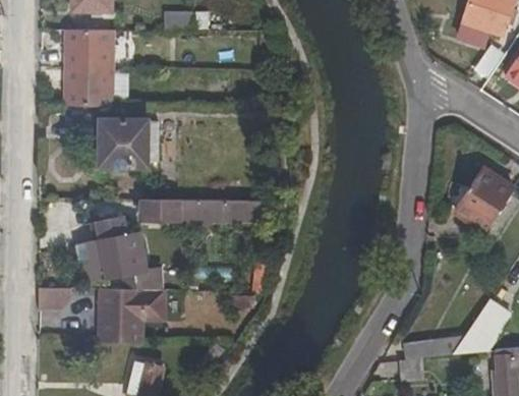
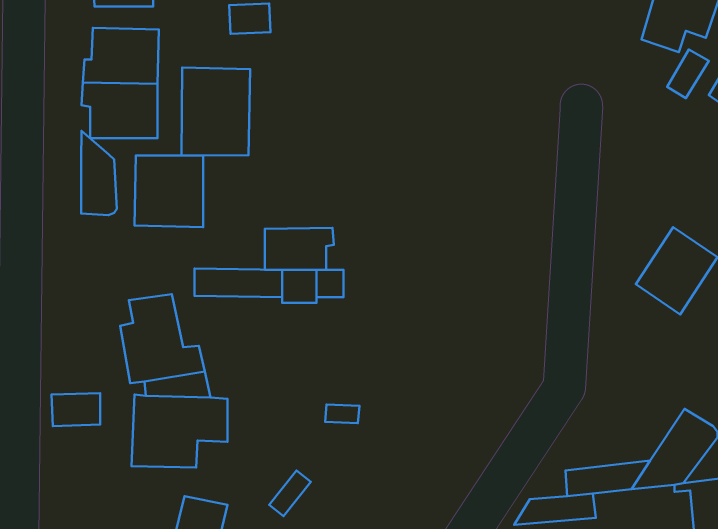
building: none -> [181,68,250,155]
building: none -> [81,131,117,215]
building: none -> [265,228,334,270]

